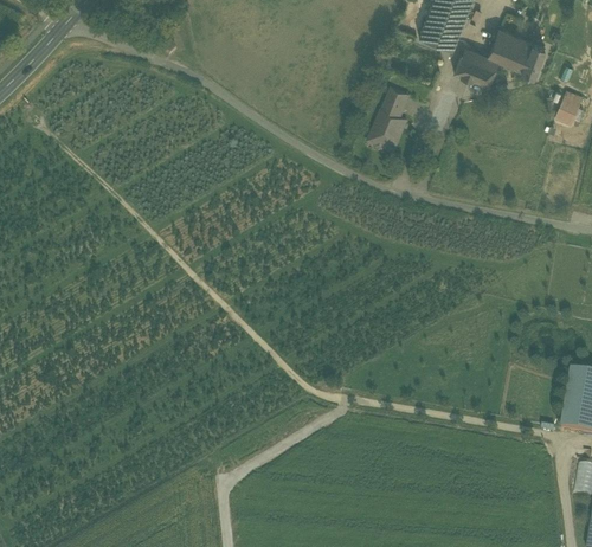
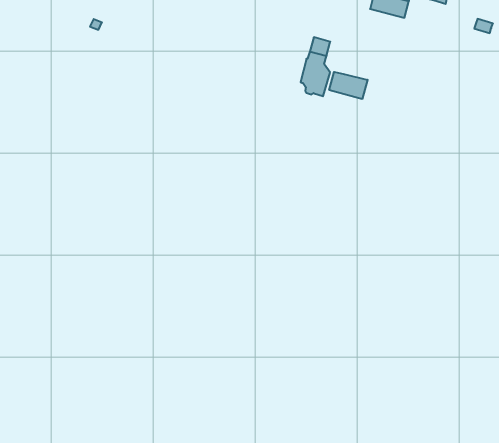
building: none -> [329,72,368,99]

